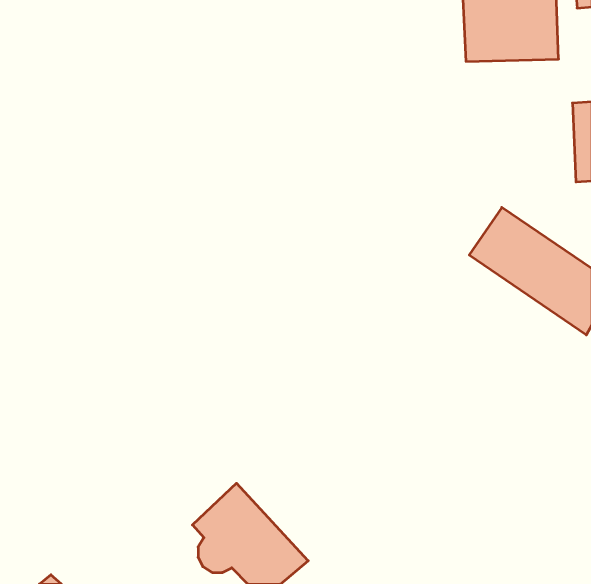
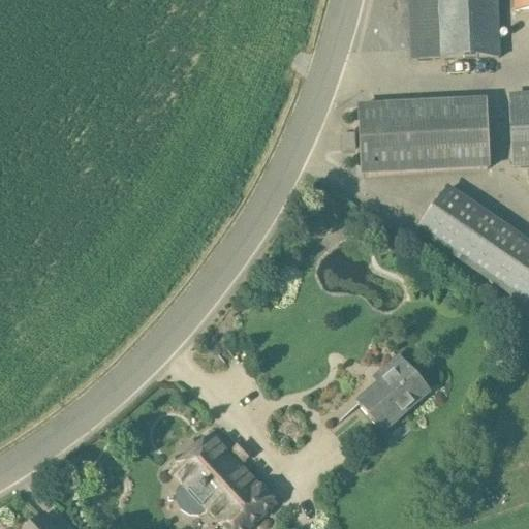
building: none -> [360,96,489,170]
building: none -> [360,353,429,427]

